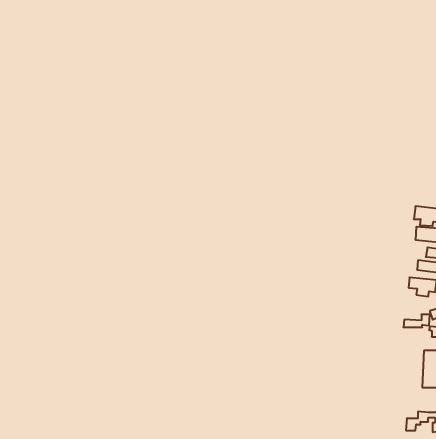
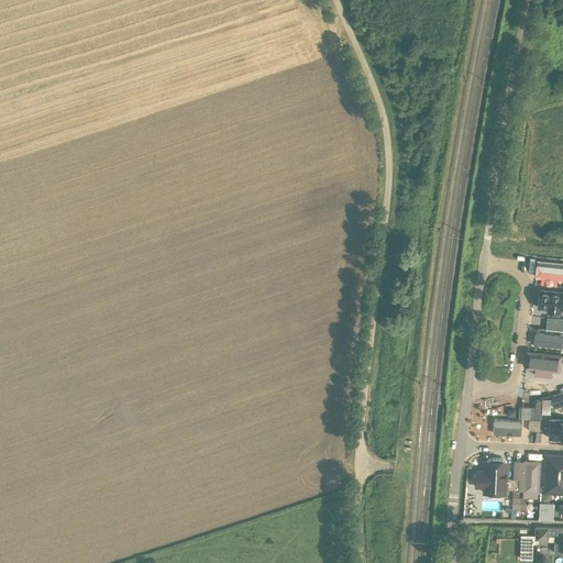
building: none -> [493,422,522,439]
building: none -> [518,457,544,495]
building: none -> [474,465,508,498]

